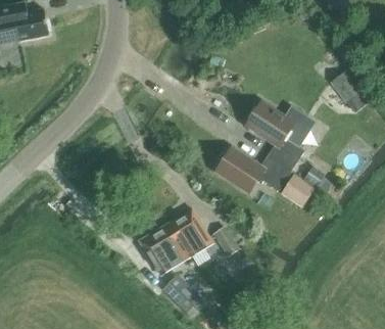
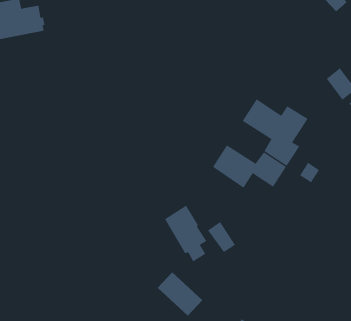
building: [280,175,314,207] -> none
building: [138,223,188,275] -> none

